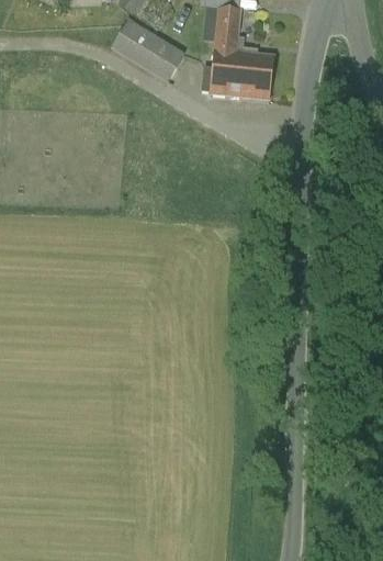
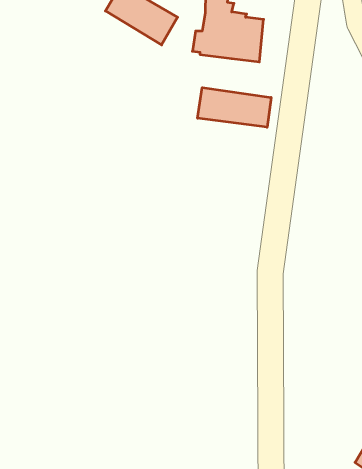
building: none -> [198,88,271,127]

